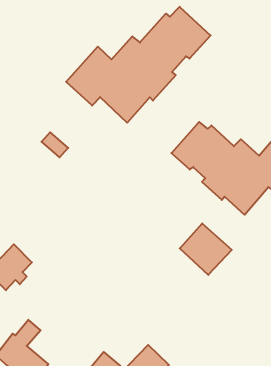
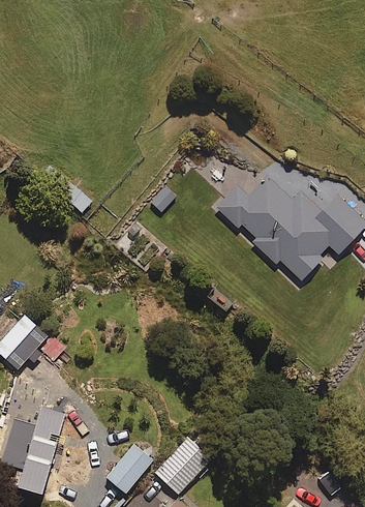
building: [66,7,211,123] -> none
building: [180,223,232,275] -> none

